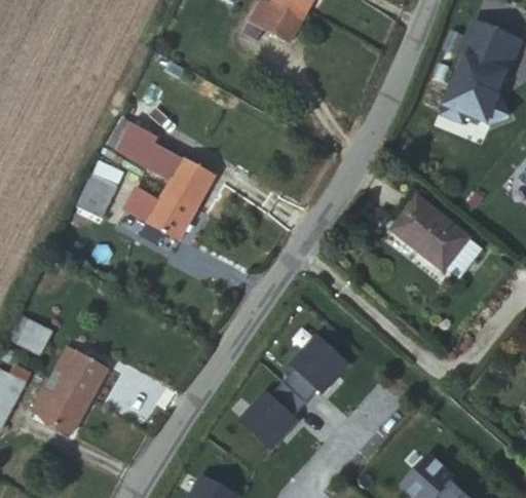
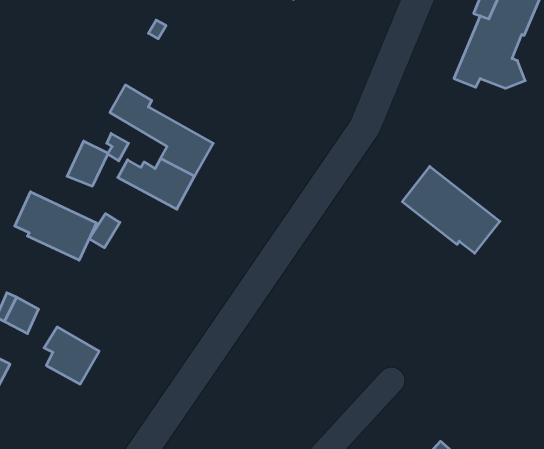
building: none -> [15,192,97,260]
building: [241,341,342,448] -> none
building: [33,383,90,431] -> none

